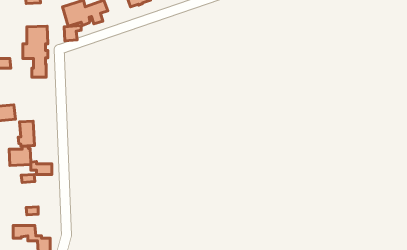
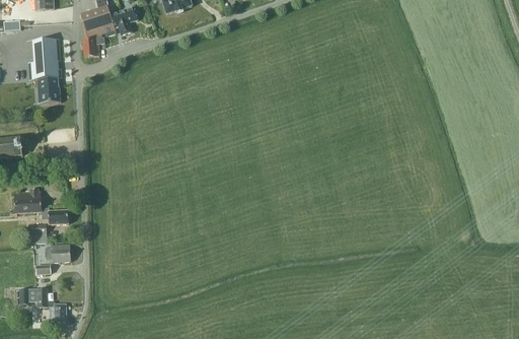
building: [18,121,35,146] -> none
building: none -> [44,242,70,262]

